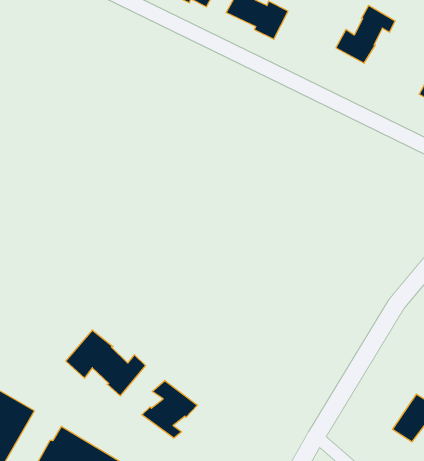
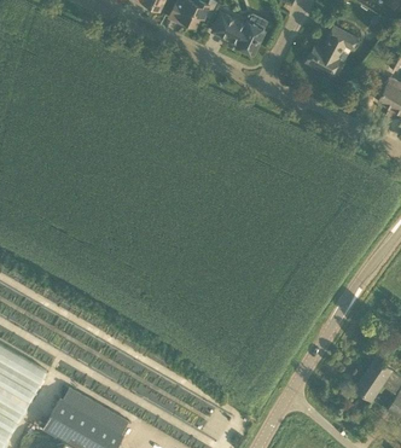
building: [66,330,145,396] -> none
building: [142,380,198,438] -> none

